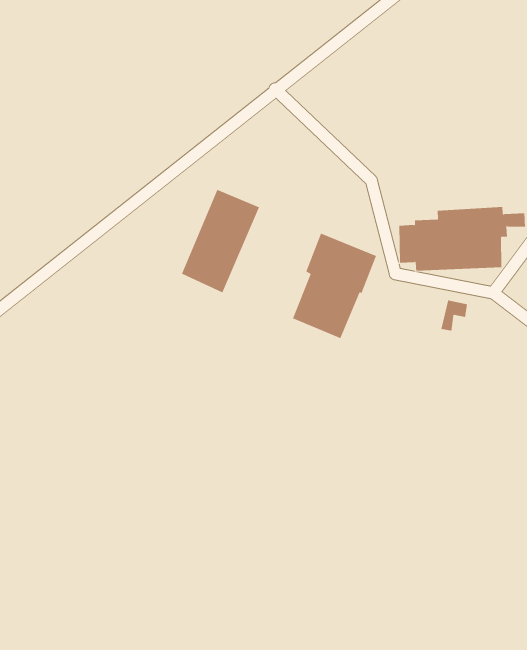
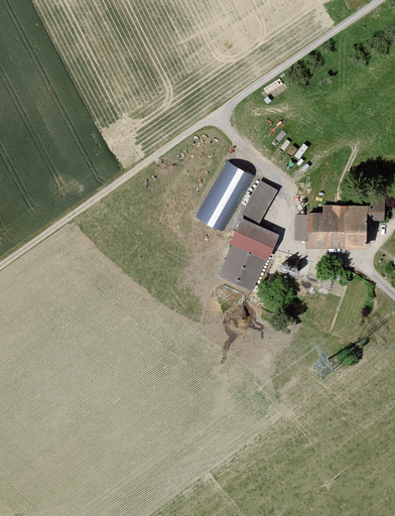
building: none -> [242,181,277,223]
building: [181,189,260,293] -> [196,161,254,234]

